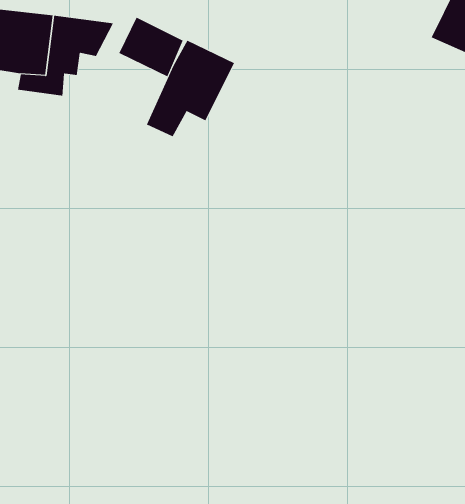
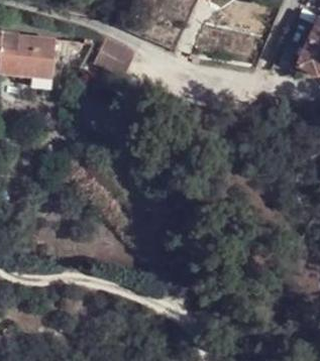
building: [146,40,235,137] -> none

